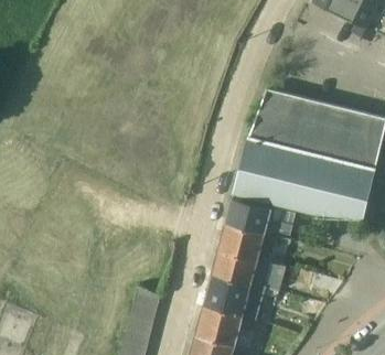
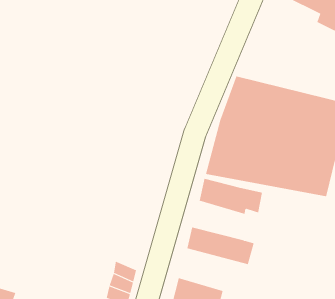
building: [217,223,288,265] -> none
building: [203,273,278,320] -> none

